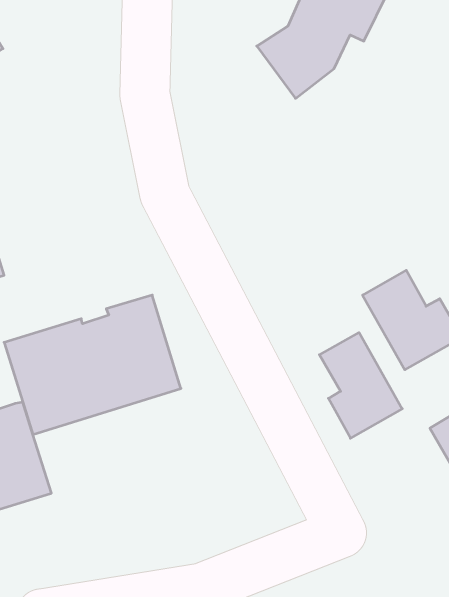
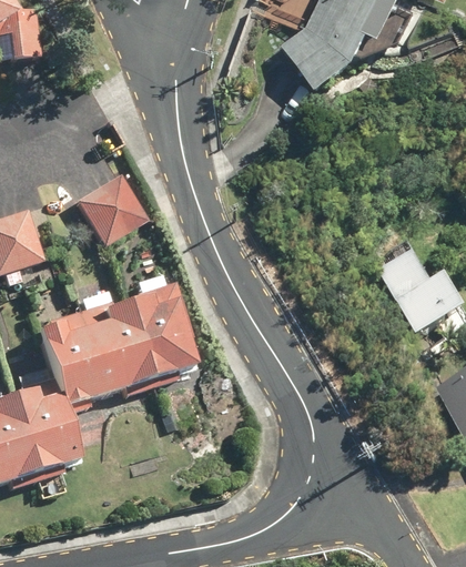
building: none -> [80,171,154,246]
building: [319,333,402,438] -> none

